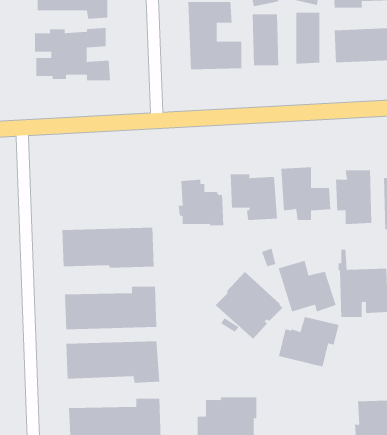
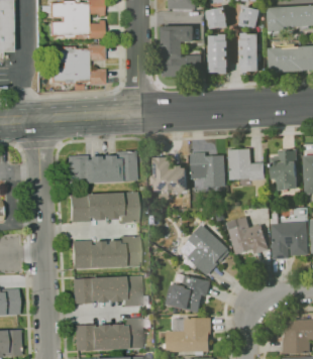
building: none -> [65,149,134,183]
building: [278,317,340,367] -> [167,274,212,312]

